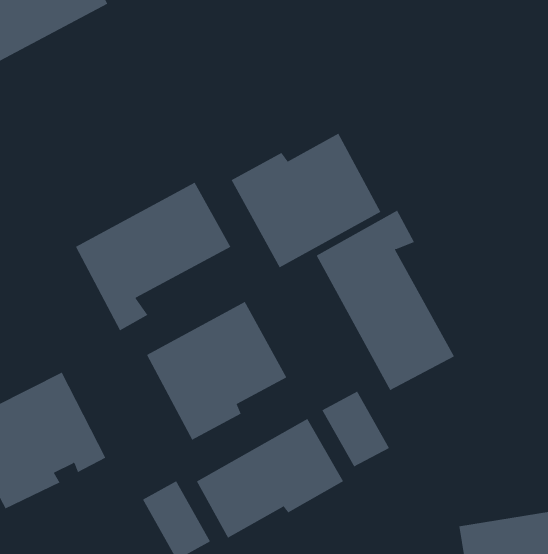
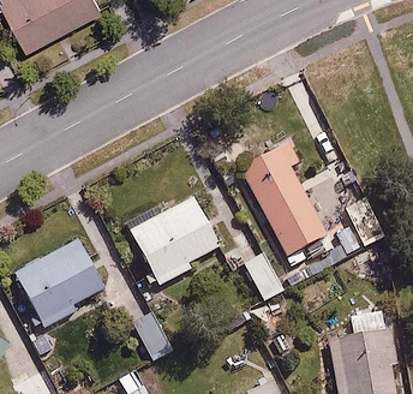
building: [231,133,381,268] -> none
building: [75,182,231,331] -> none
building: [196,418,344,539] -> none

